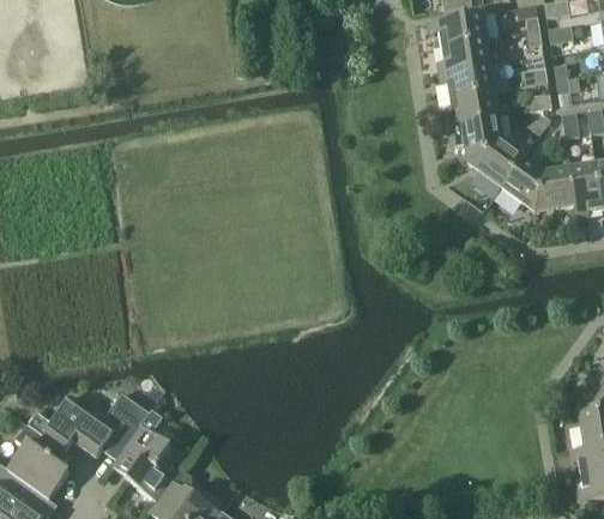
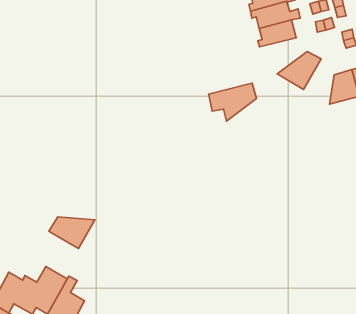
building: [447,115,512,163] -> [209,83,256,121]
building: [501,157,545,212] -> none
building: none -> [49,217,95,249]

